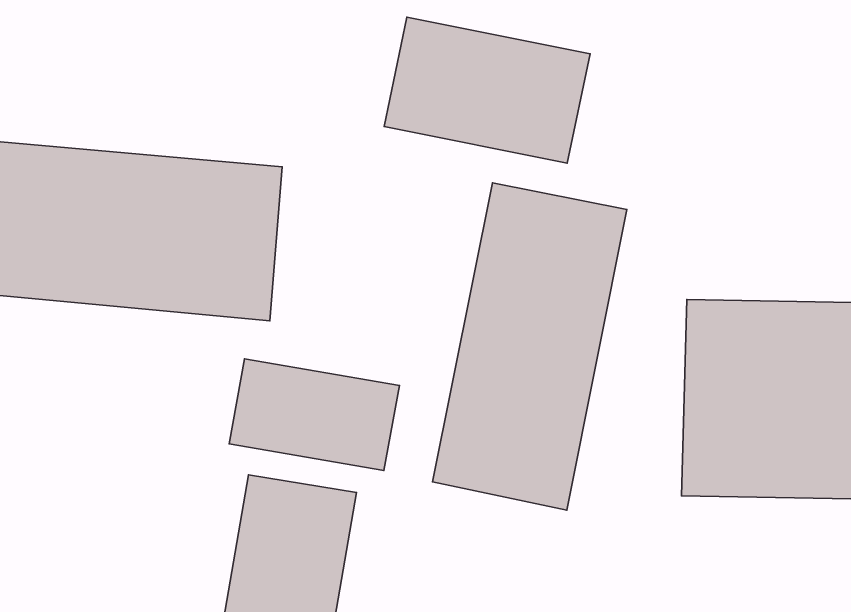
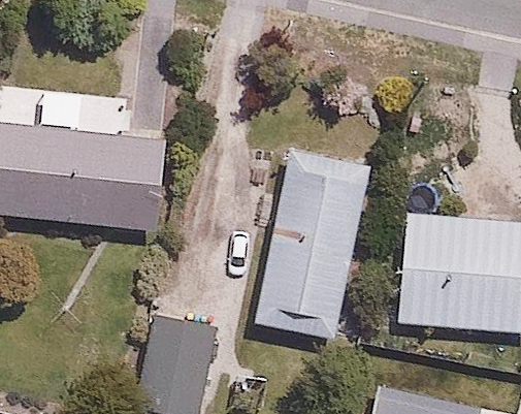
building: [384,17,590,163] -> none
building: [229,359,399,470] -> none

